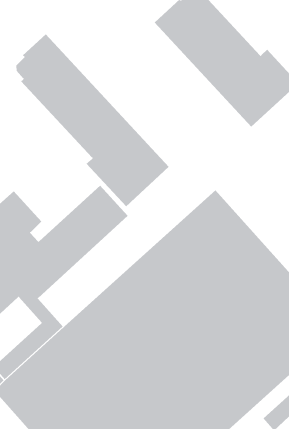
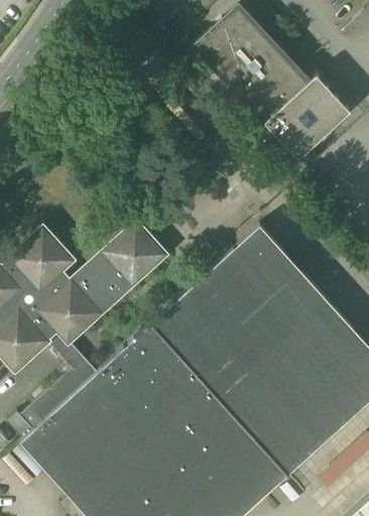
building: [16,33,169,207] -> none

